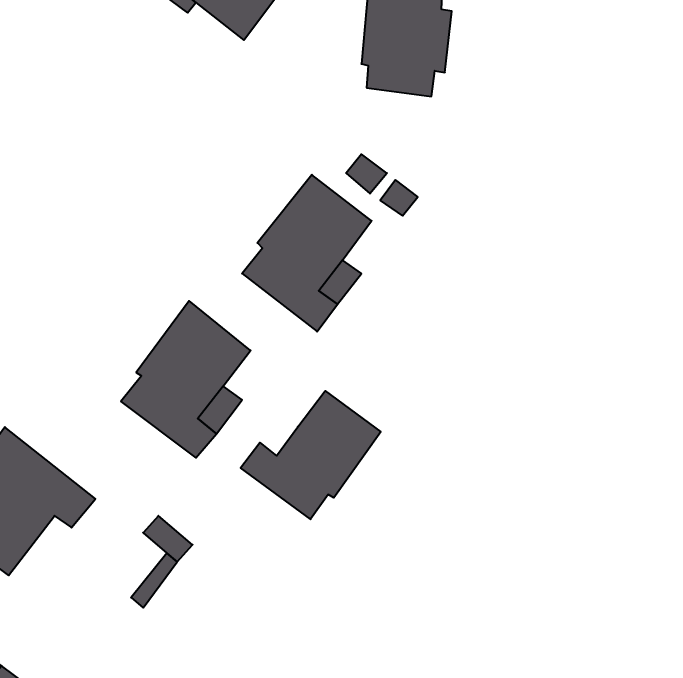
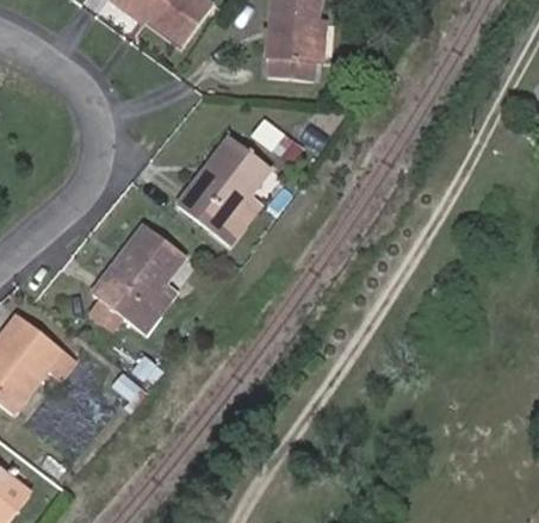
building: [241,391,381,519] -> none

